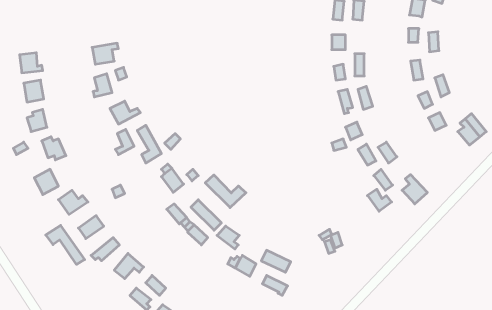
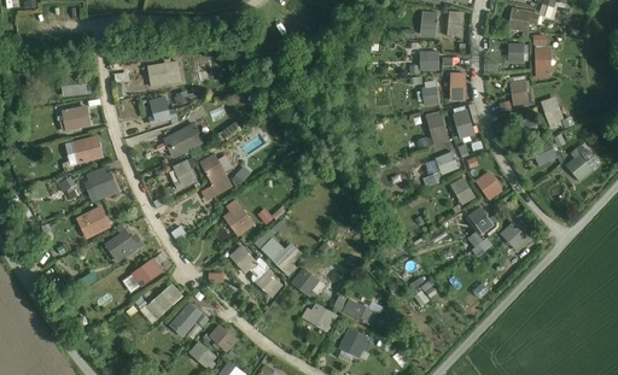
building: [205,175,246,208] -> none
building: [46,225,85,264] -> none

